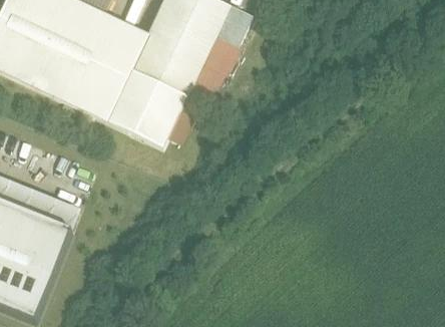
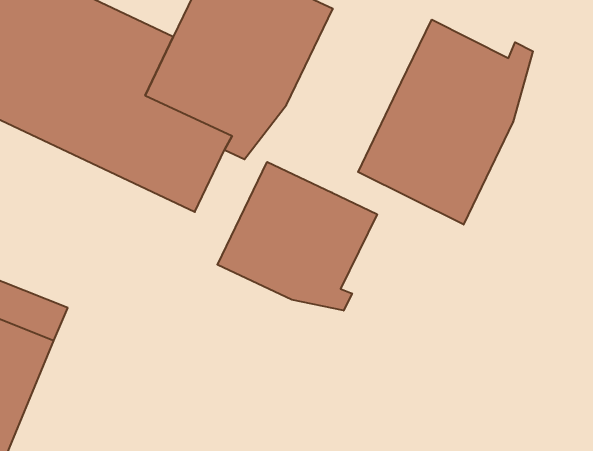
building: none -> [358,20,533,225]
building: none -> [217,162,377,311]

